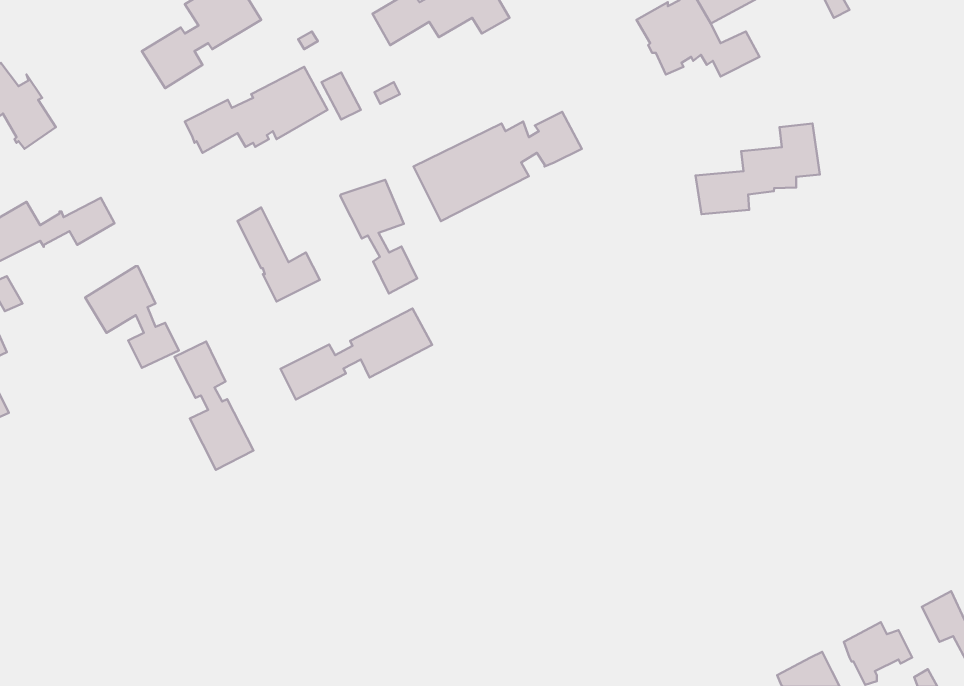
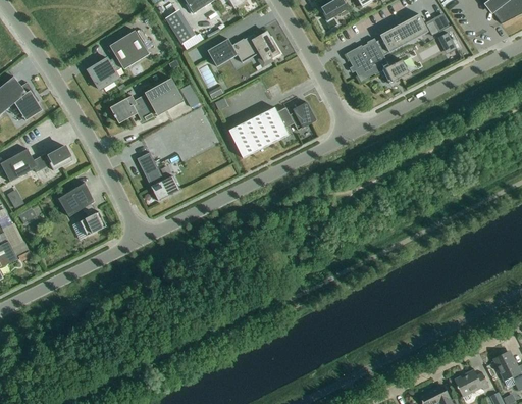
building: [696,123,820,214] -> none
building: [340,180,417,293] -> none
building: [281,308,432,400] -> none
building: [175,341,253,470] -> none

